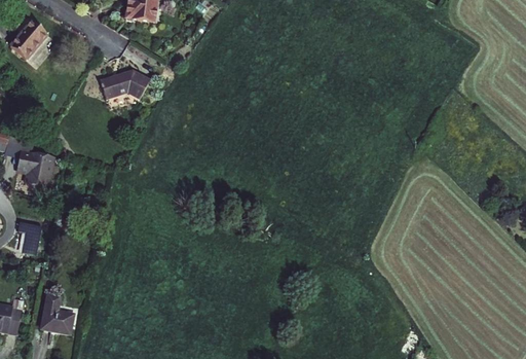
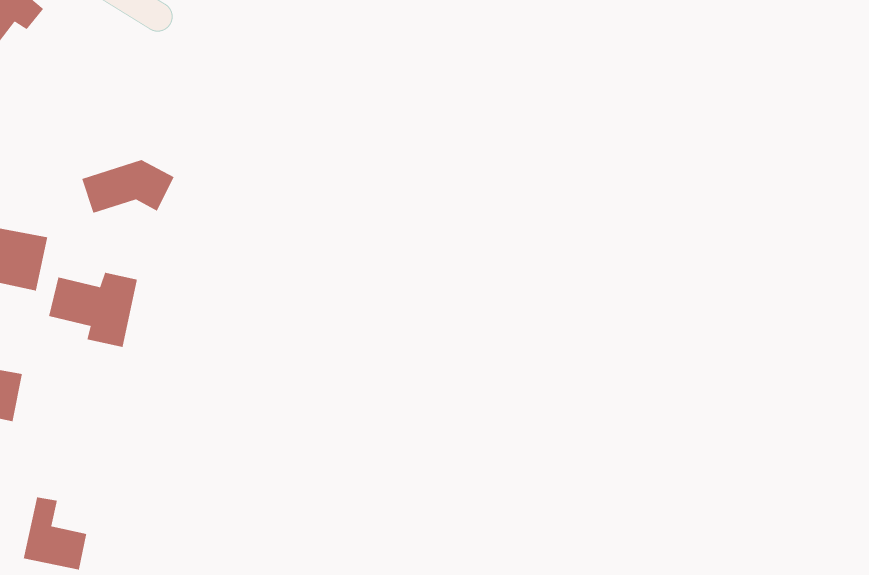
building: [100,67,149,96] -> [81,159,175,214]
building: none -> [48,272,138,348]

